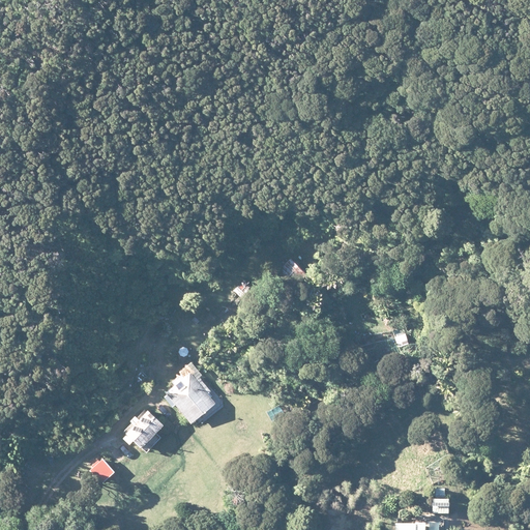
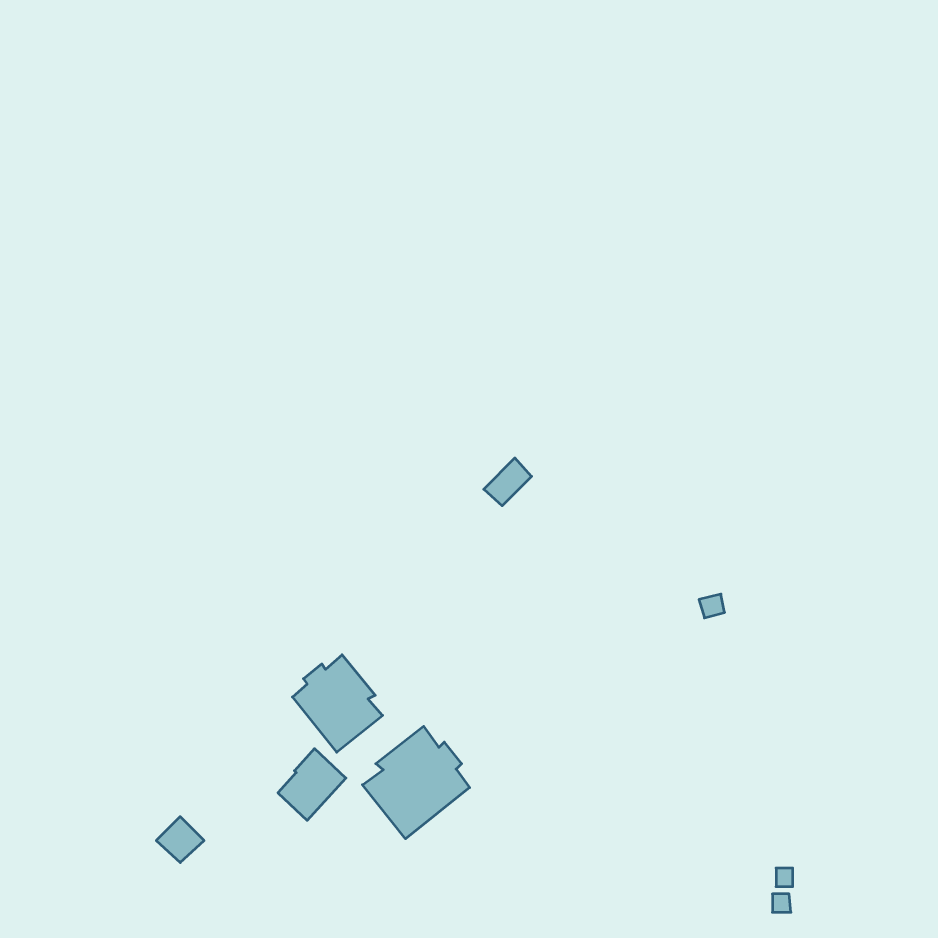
building: [125,409,164,449] -> [278,749,346,820]
building: none -> [362,726,470,839]

